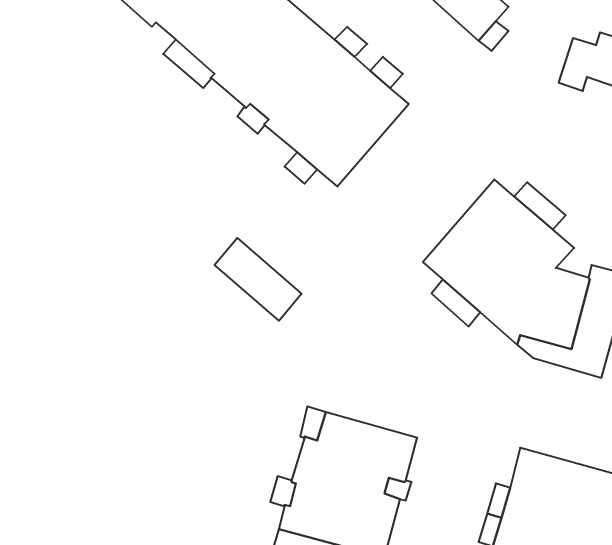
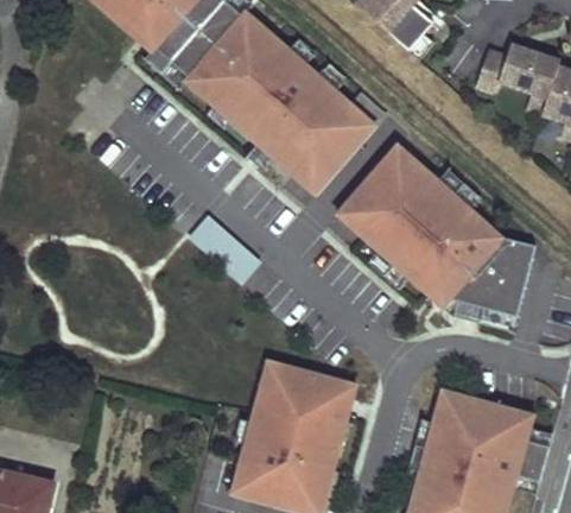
building: none -> [291,91,383,192]
building: none -> [340,146,421,235]

